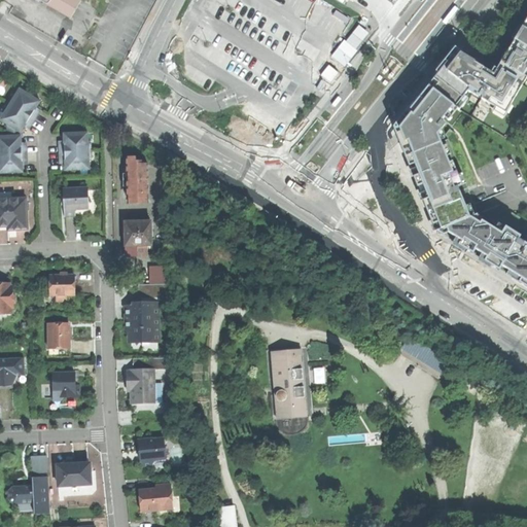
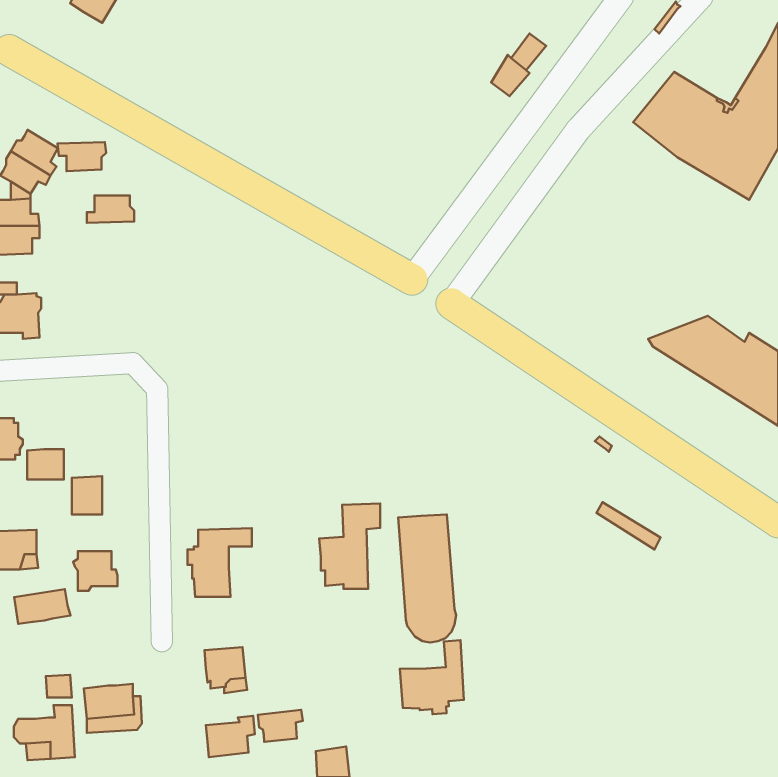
building: [396,87,479,225] -> none
building: [59,149,92,169] -> [57,142,106,171]
building: [121,161,147,203] -> none
building: [63,186,89,214] -> none
building: [124,224,154,259] -> none
building: [49,274,74,294] -> [27,449,64,480]
building: [126,282,167,340] -> [319,503,380,589]
building: none -> [14,589,70,624]
building: none -> [400,640,464,714]
building: none -> [258,710,303,742]

